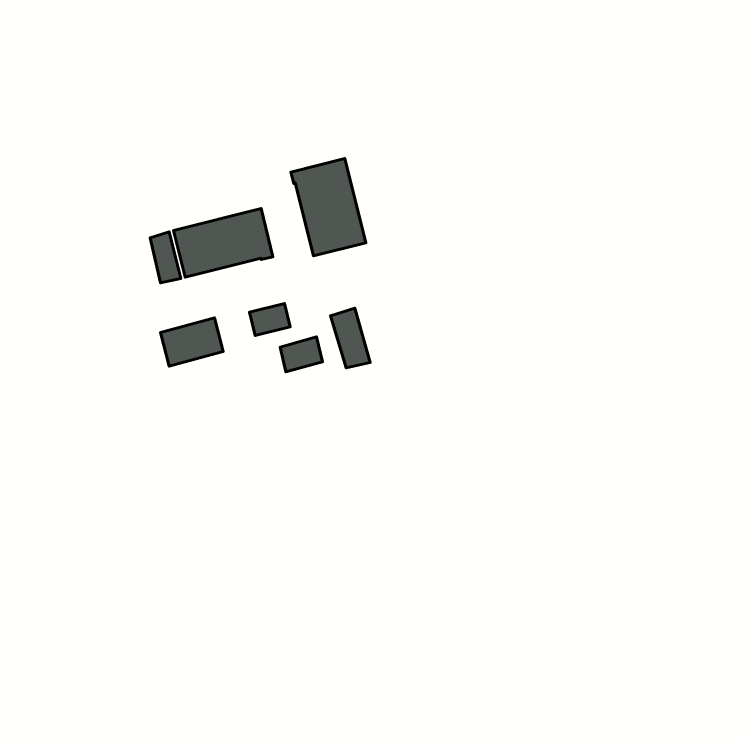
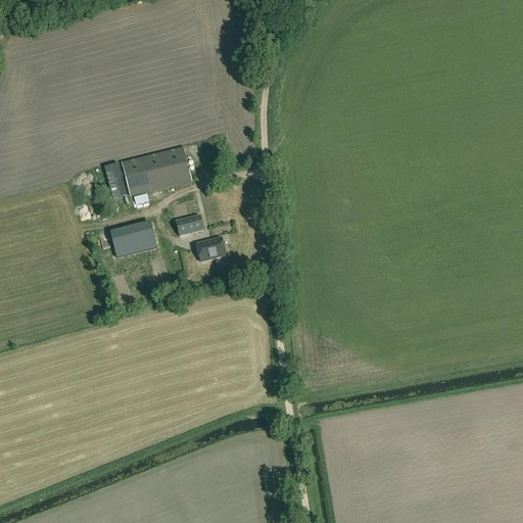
building: [291,158,366,256] -> none
building: [330,308,370,368] -> none

